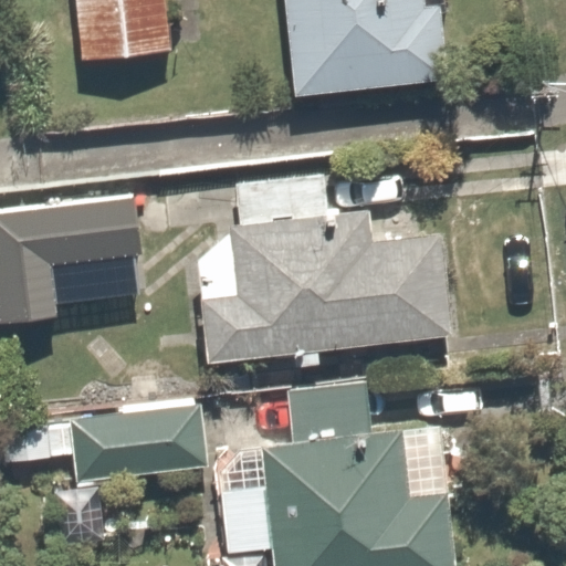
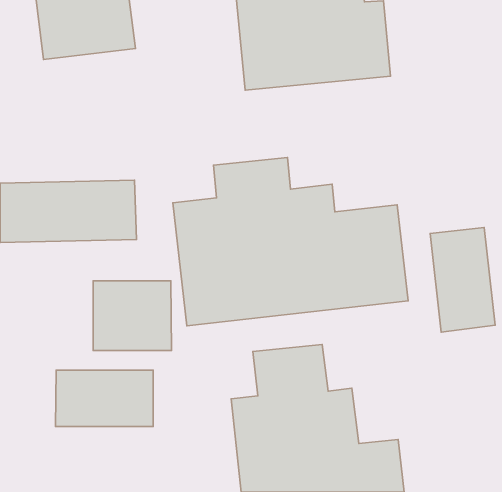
building: none -> [430,227,495,332]
building: none -> [93,281,172,350]

